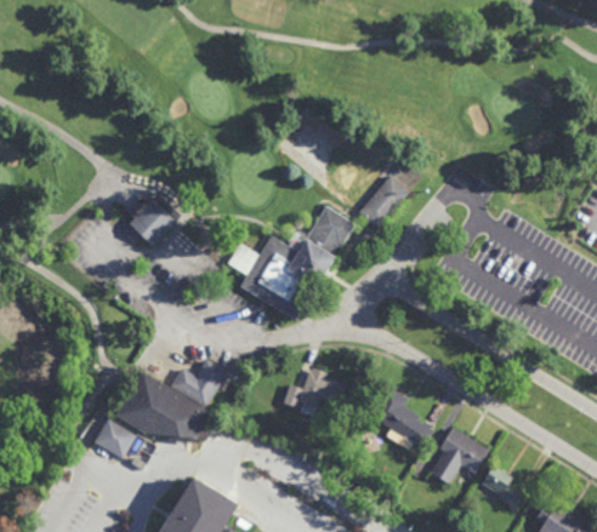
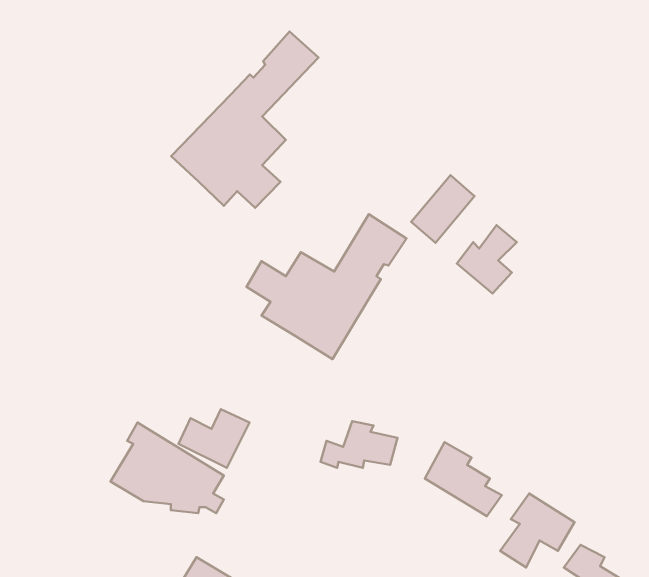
building: none -> [171,32,319,208]
building: [132,199,178,245] -> none
building: none -> [457,225,517,294]
building: [96,419,138,461] -> none

